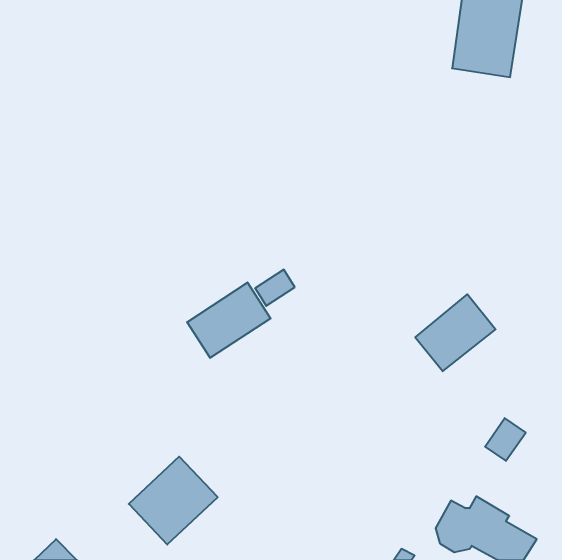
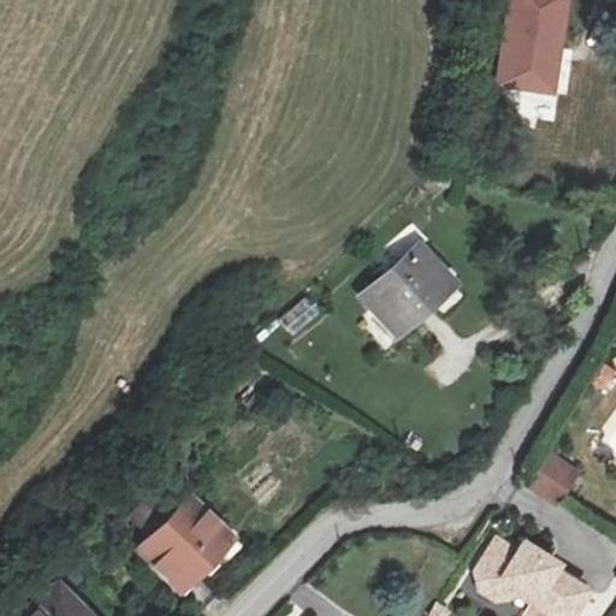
building: [187,282,271,358] -> none
building: [415,294,496,371] -> [366,244,454,328]

